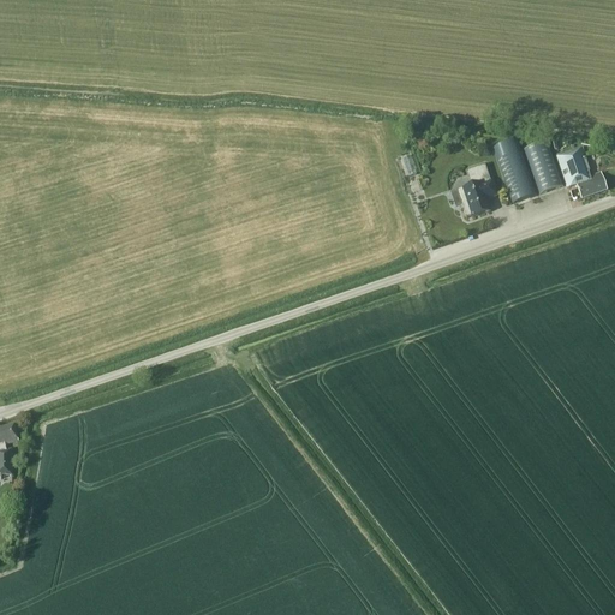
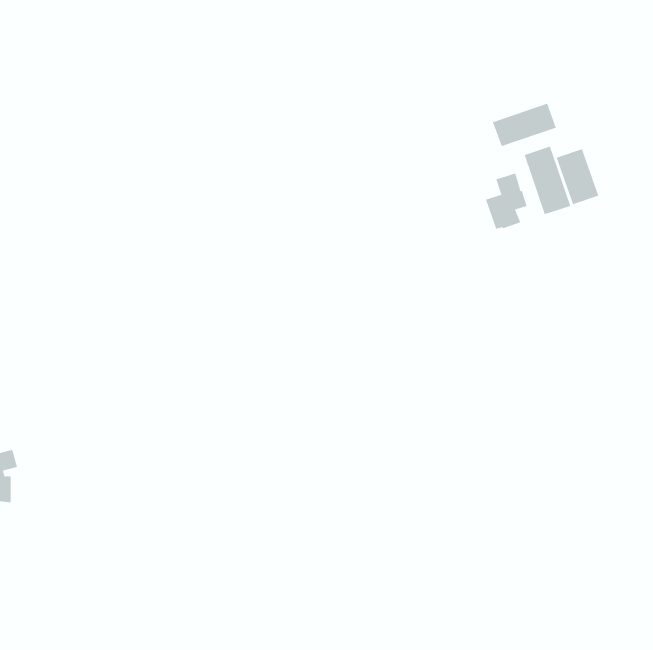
building: none -> [492,103,557,147]
building: [555,145,605,196] -> none

